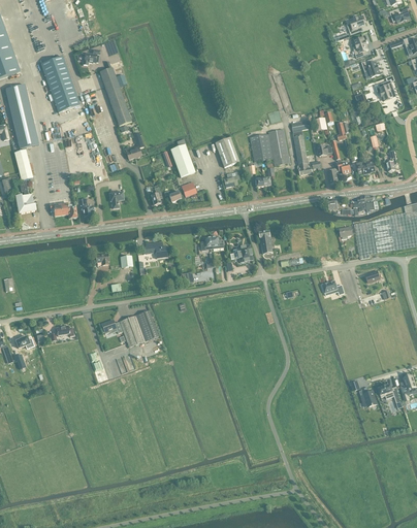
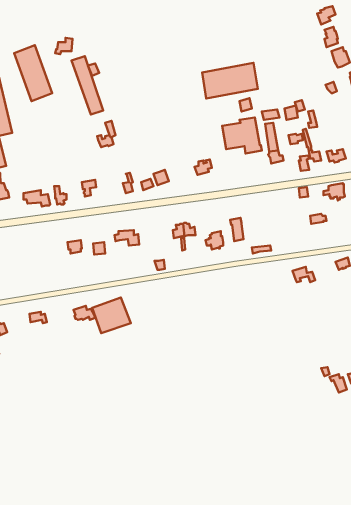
building: none -> [202,63,258,99]
building: [214,137,238,167] -> none
building: [169,144,194,177] -> none

